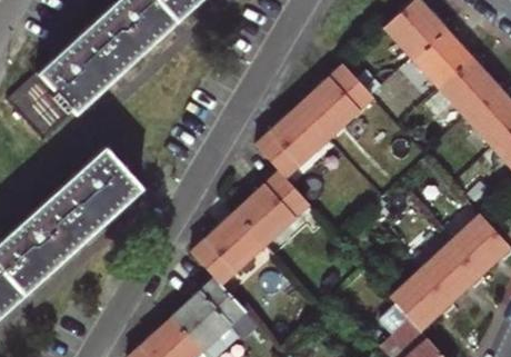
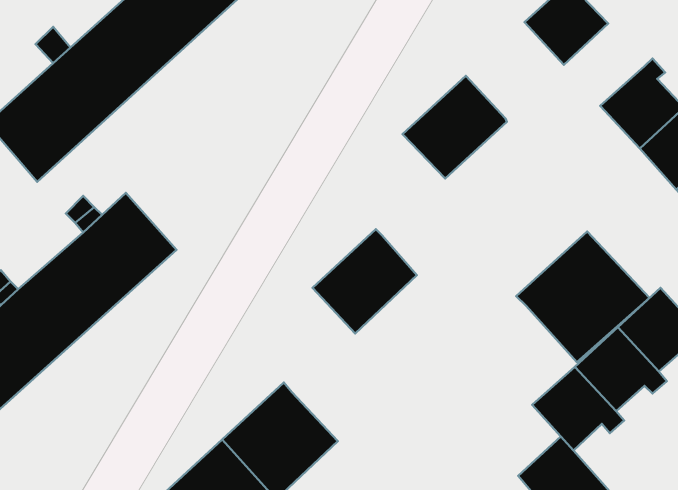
building: [412,23,469,86] -> none
building: [257,106,329,177] -> none
building: none -> [516,231,650,362]
building: [191,214,265,287] -> none

